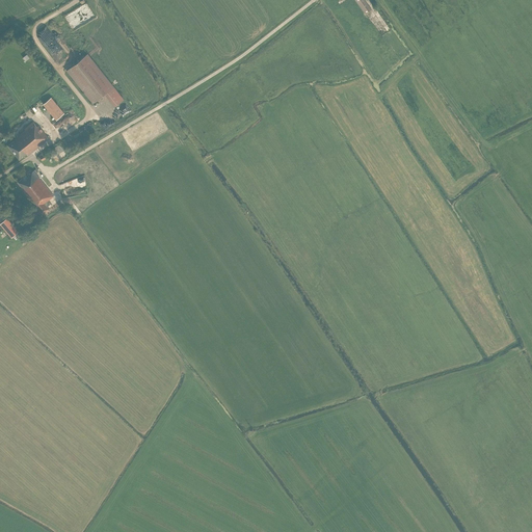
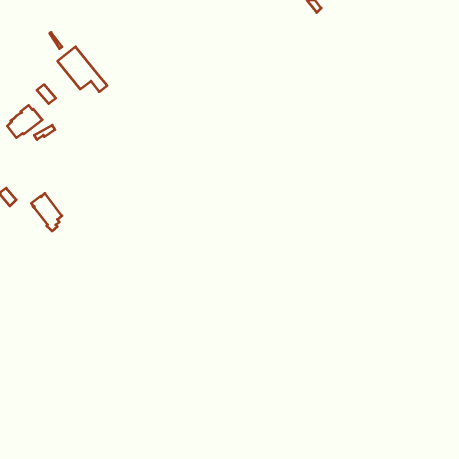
building: [19,171,54,215] -> [31,193,62,231]

